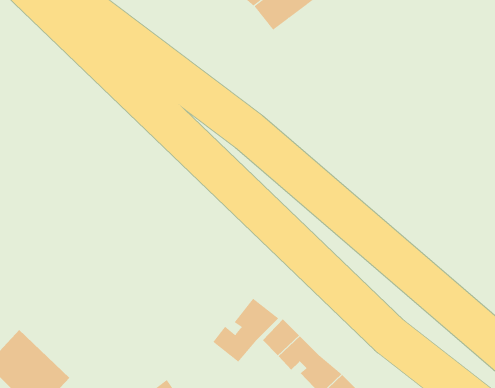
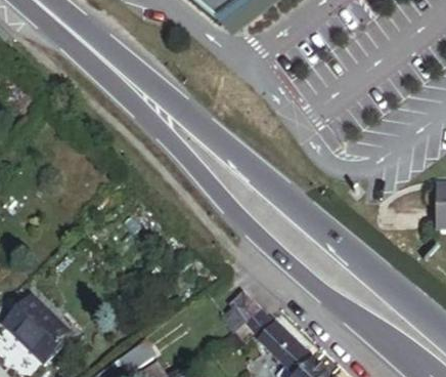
building: [213,298,279,363] -> none

